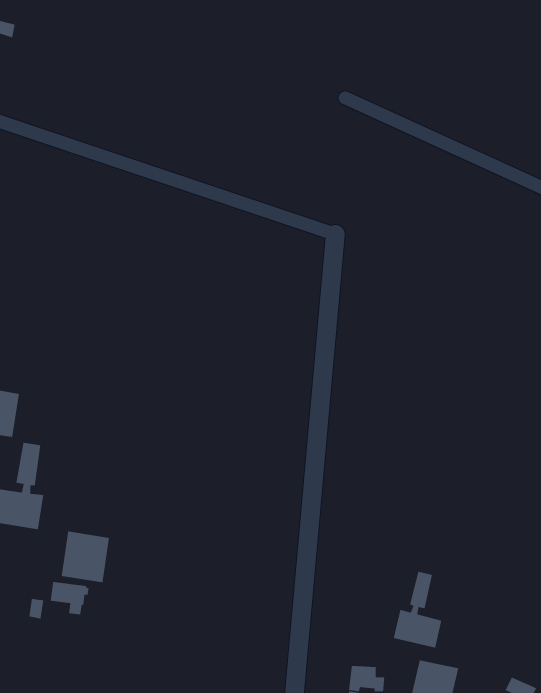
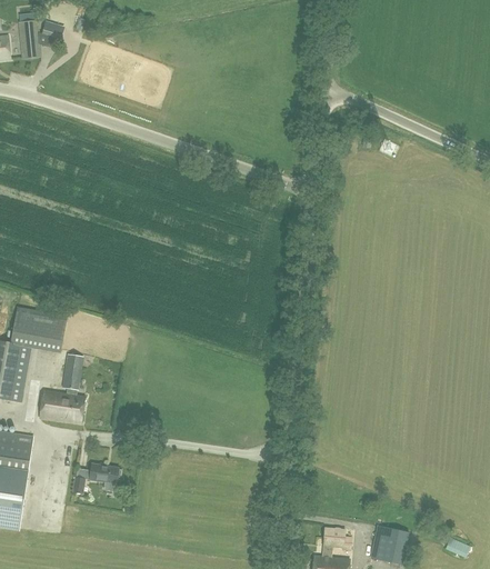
building: [61,531,110,583] -> none
building: [393,571,442,649] -> none

